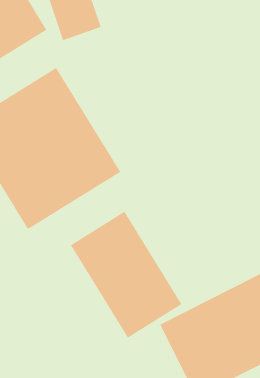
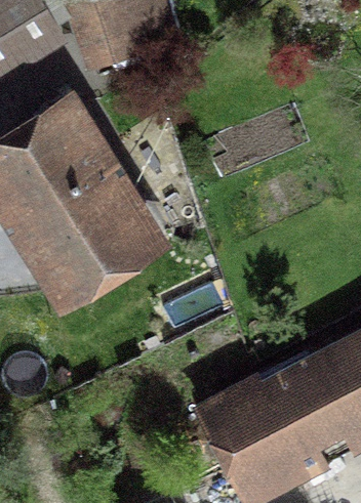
building: [70,211,182,339] -> none

